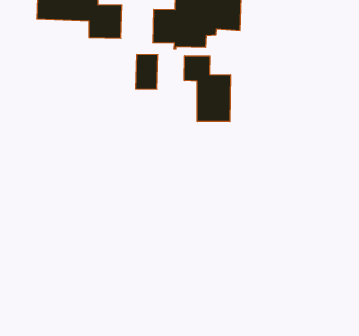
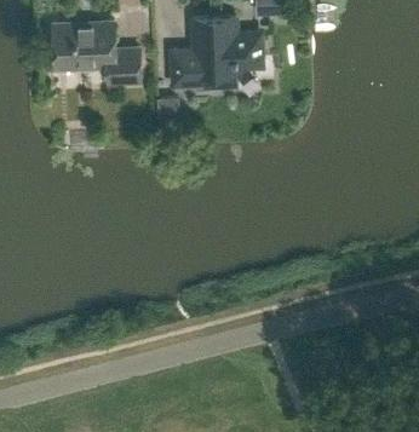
building: [184,56,230,122] -> none

